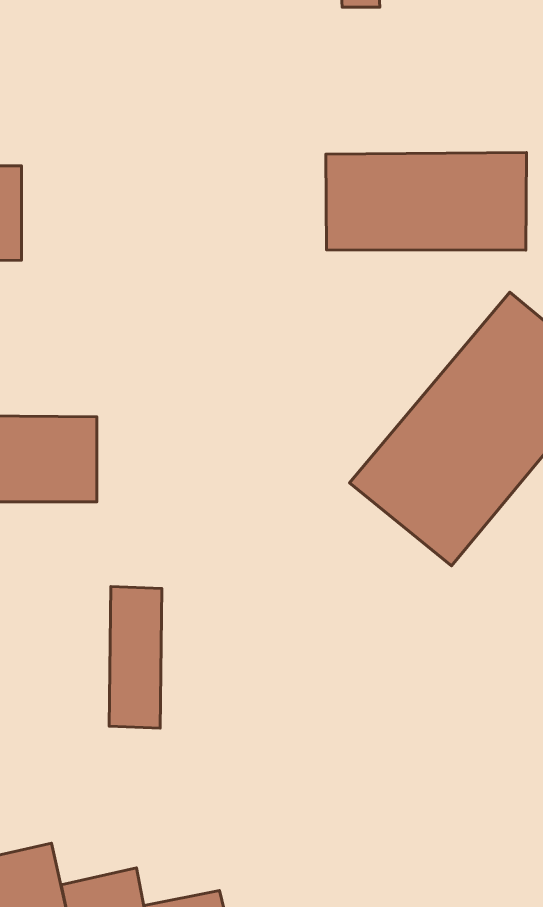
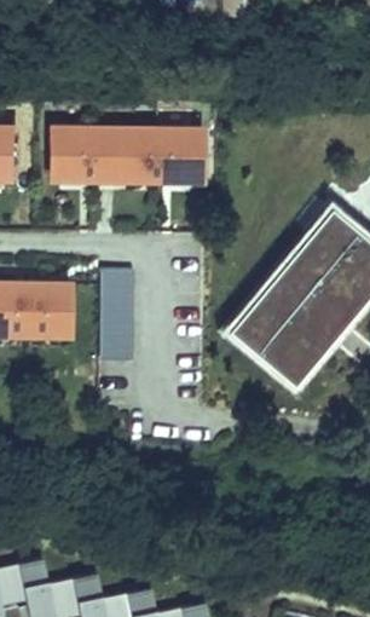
building: [326,153,527,250] -> none
building: none -> [50,122,203,180]
building: [109,587,162,728] -> [100,267,134,358]

